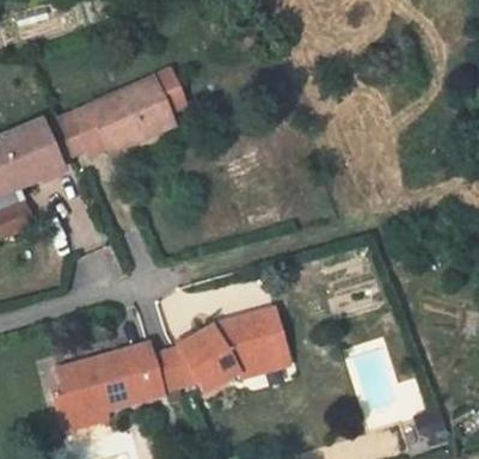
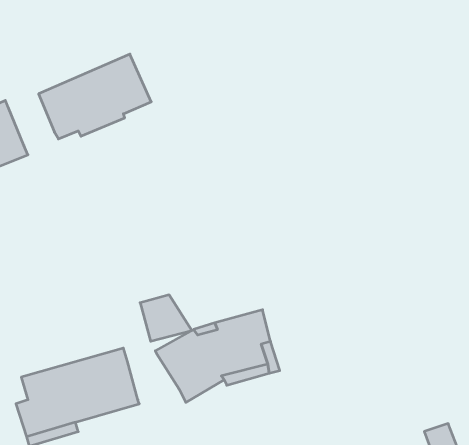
building: [45,112,87,159] -> none
building: [153,347,199,388] -> [140,295,192,341]

